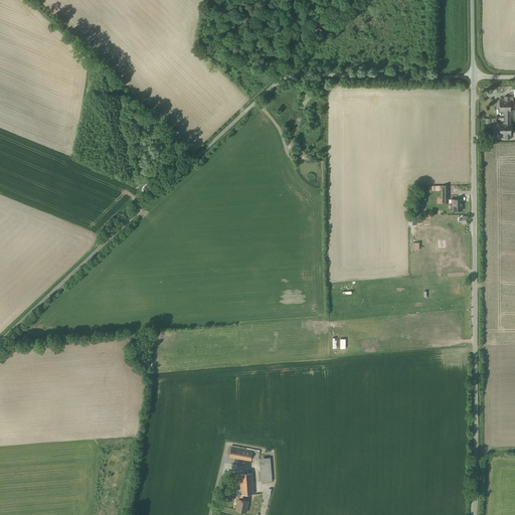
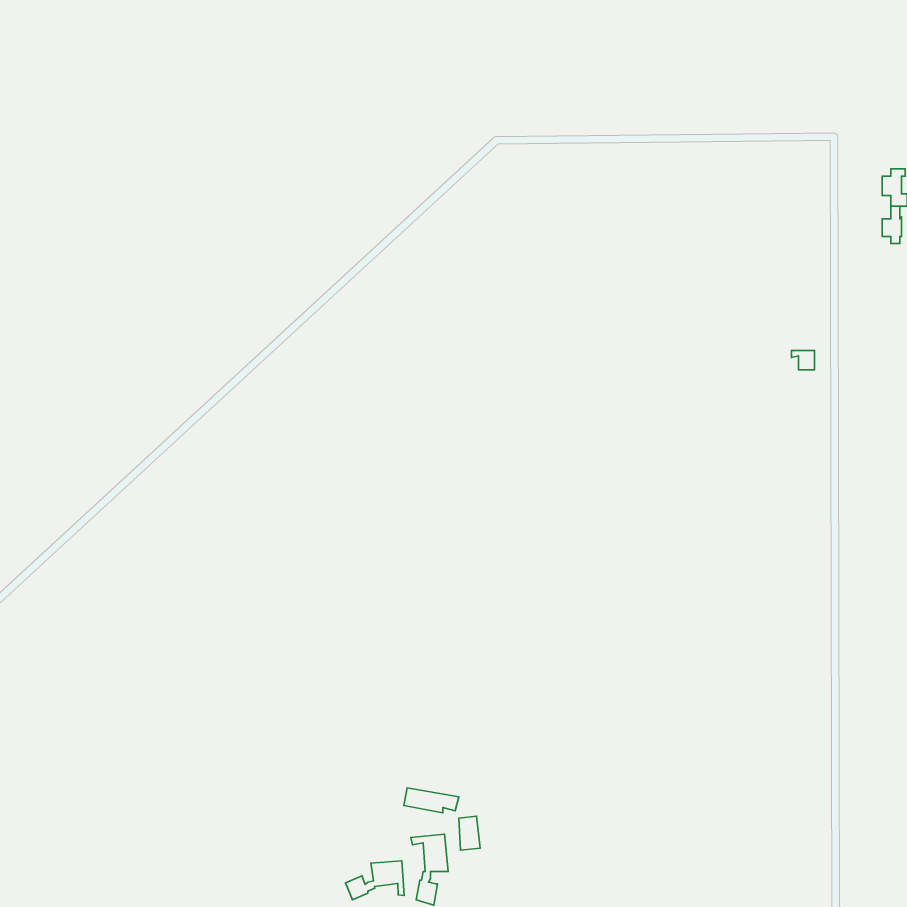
building: none -> [345,861,404,900]

